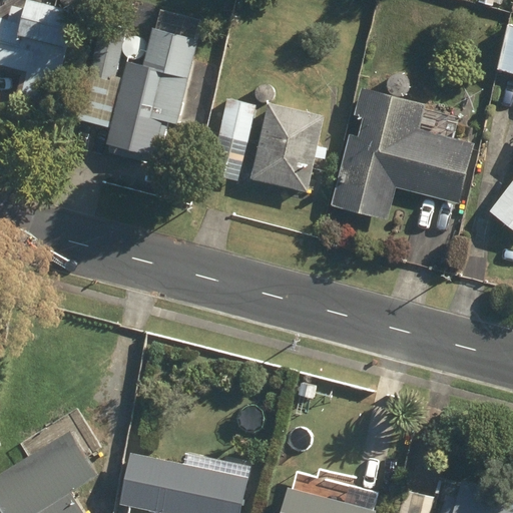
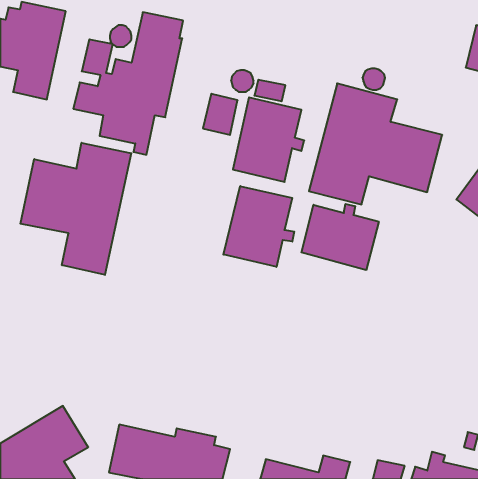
building: none -> [20,143,131,275]
building: none -> [223,186,294,267]
building: none -> [301,204,379,270]

